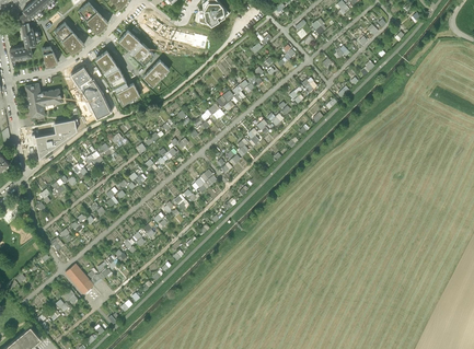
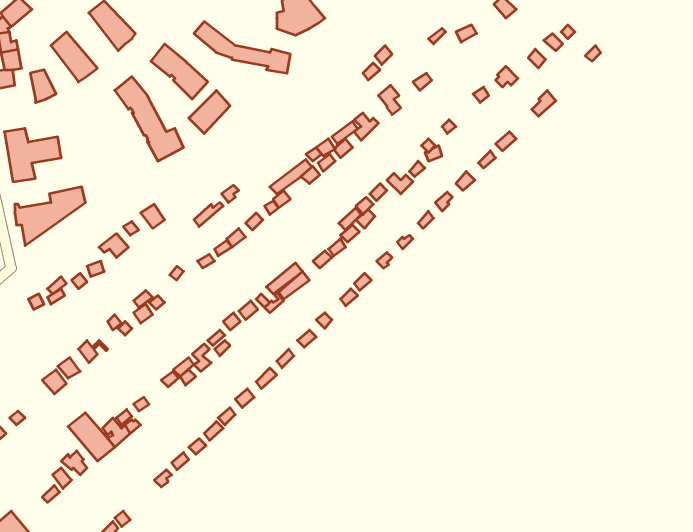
building: [72,69,109,119] -> none

